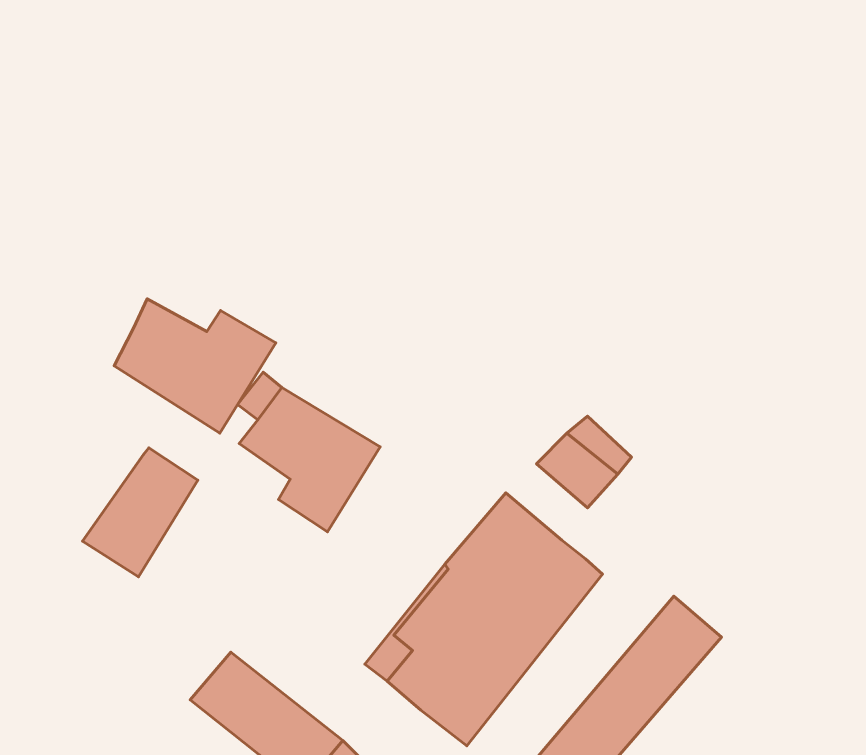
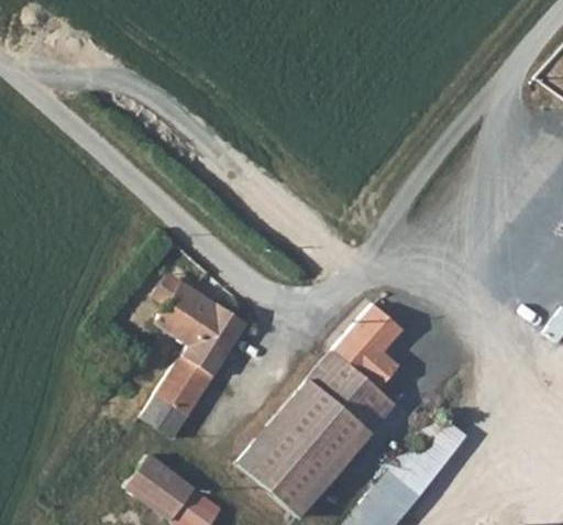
building: [114,299,276,433] -> none
building: [82,448,198,577] -> [137,357,212,440]
building: none -> [328,333,396,395]

